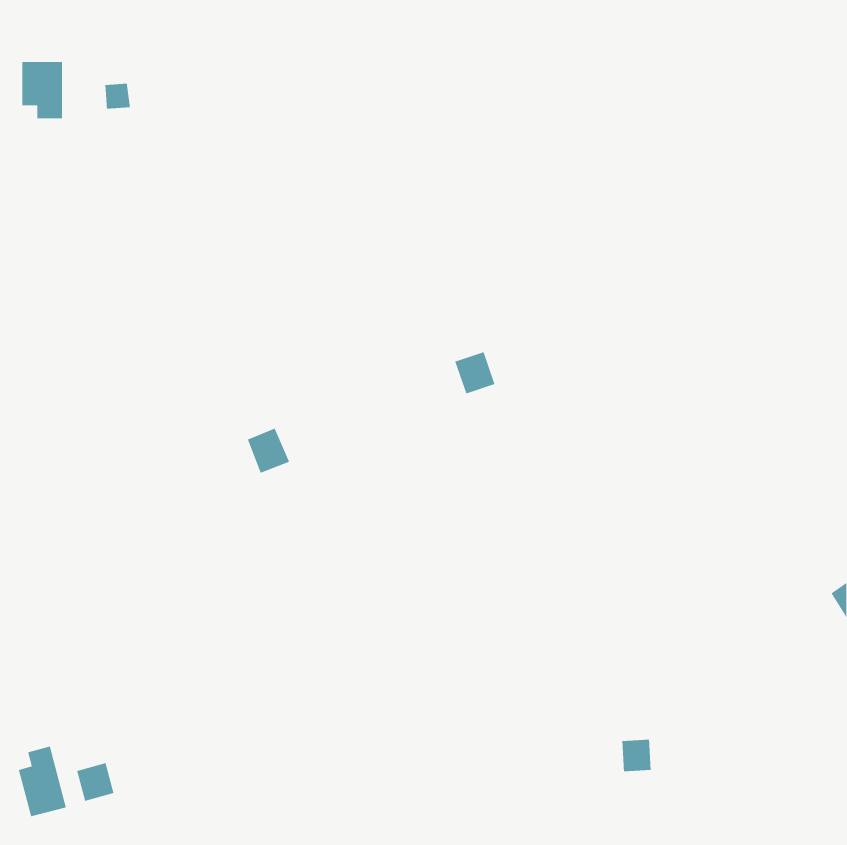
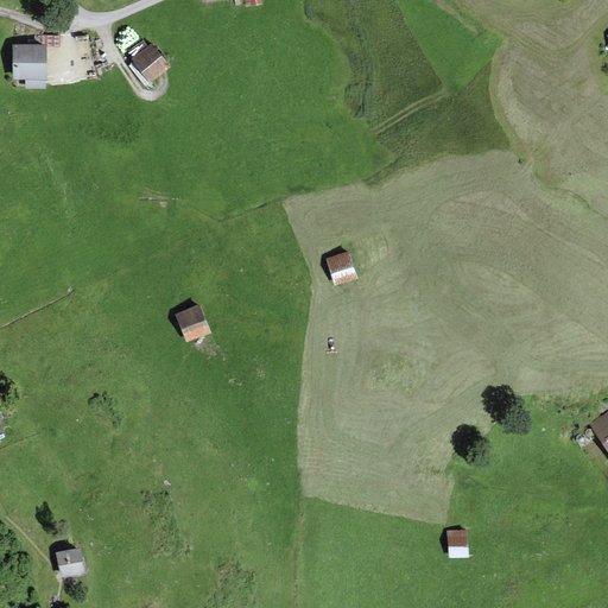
building: none -> [131,44,169,83]
building: [18,746,67,817] -> none

